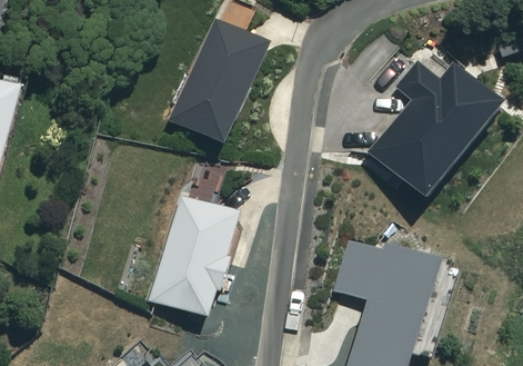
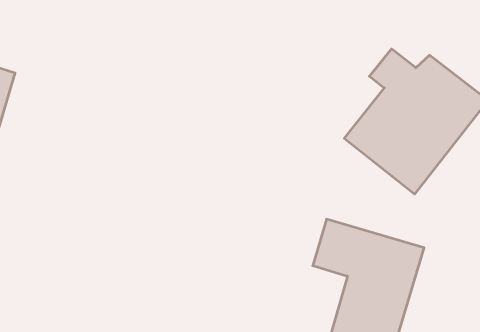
building: [171,19,265,140] -> none
building: [149,196,243,314] -> none

